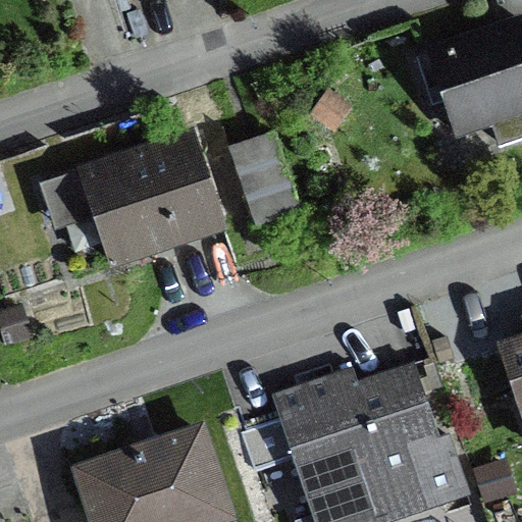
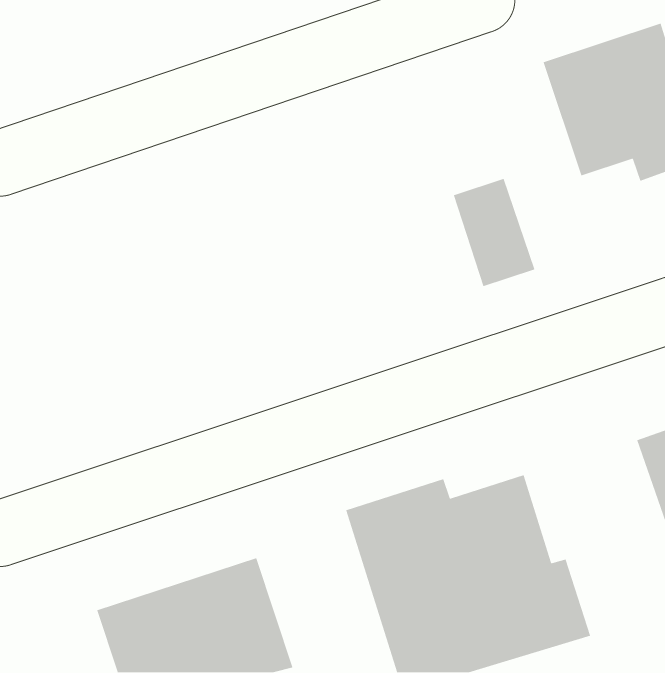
building: [75,130,223,266] -> none
building: [236,139,300,223] -> [453,178,536,287]

